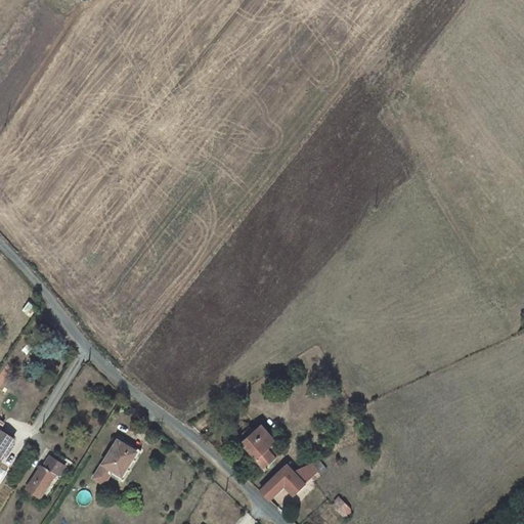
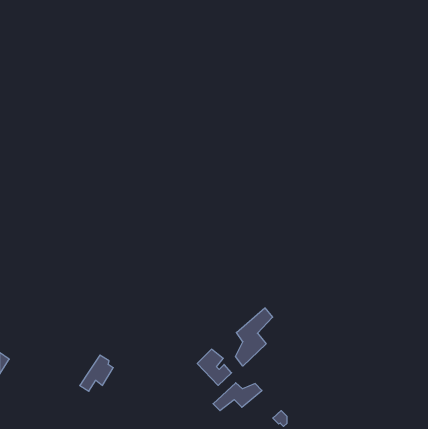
building: none -> [235,308,273,366]
building: [23,457,59,498] -> none

